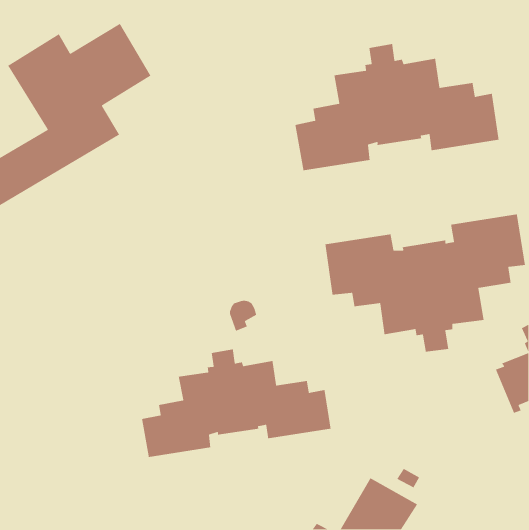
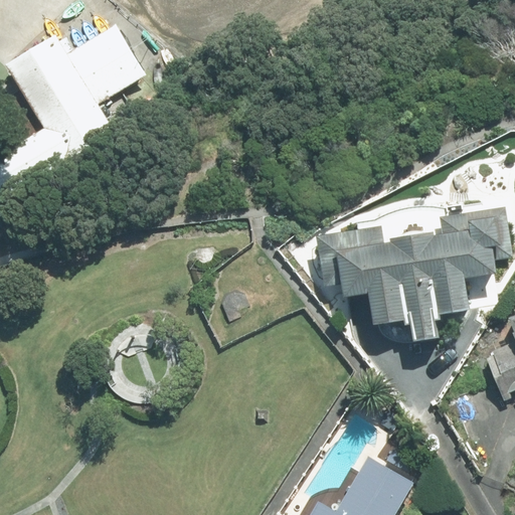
building: [295,43,500,171] -> none
building: [141,348,331,458] -> none

